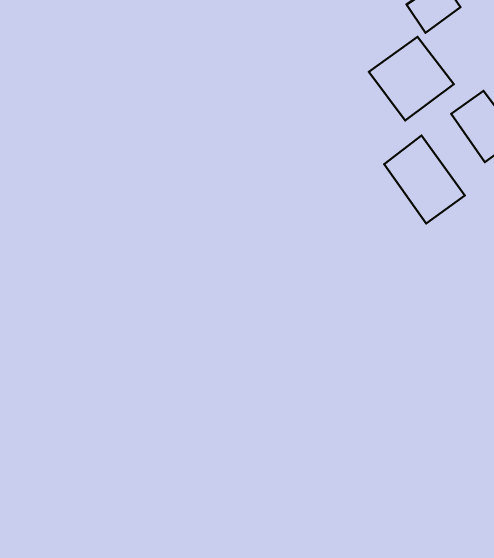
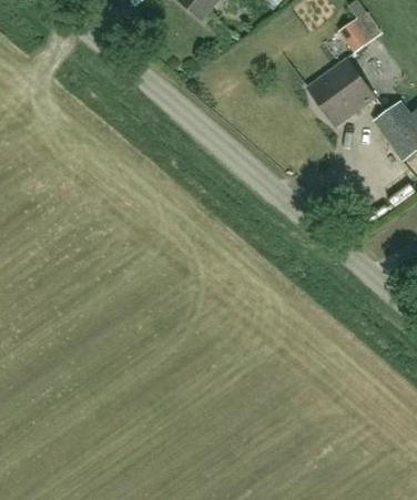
building: [384,136,465,223] -> none

